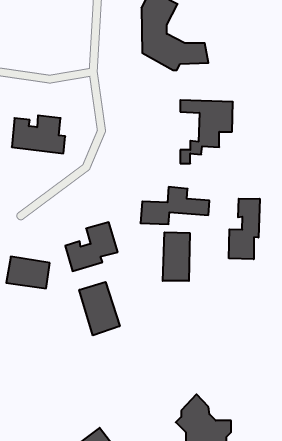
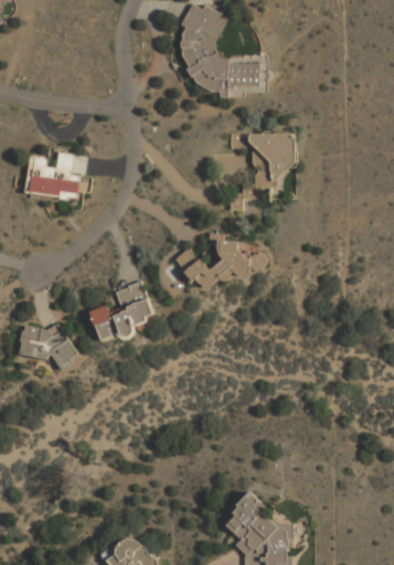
building: [229,199,260,259] -> none
building: [163,232,190,281] -> none
building: [79,282,120,335] -> none

